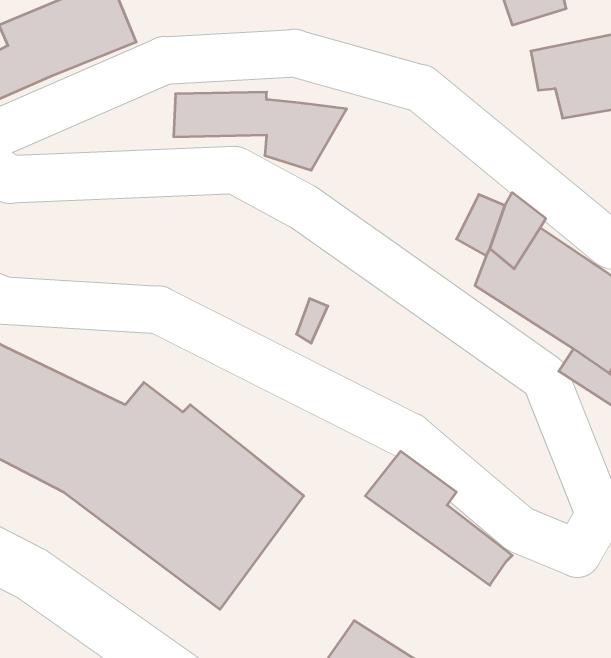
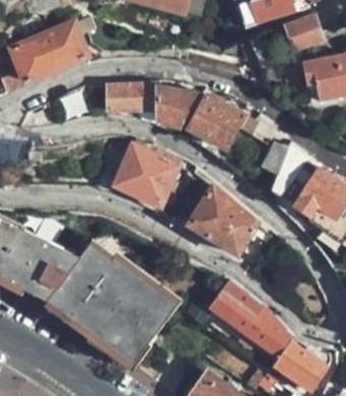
building: none -> [189,95,257,148]
building: none -> [112,137,179,207]
building: none -> [188,186,257,255]
building: none -> [274,340,324,389]

